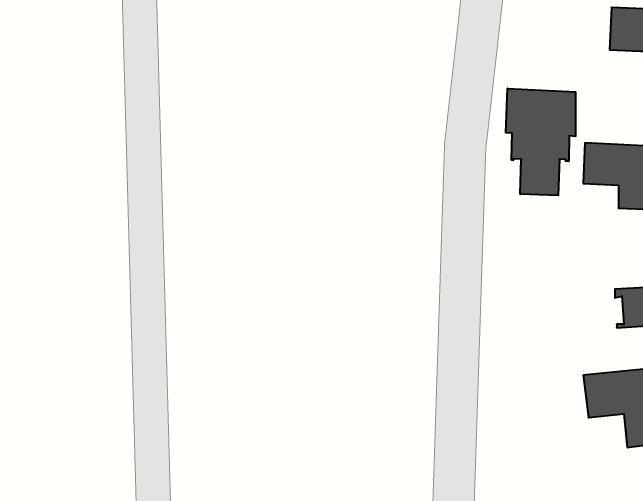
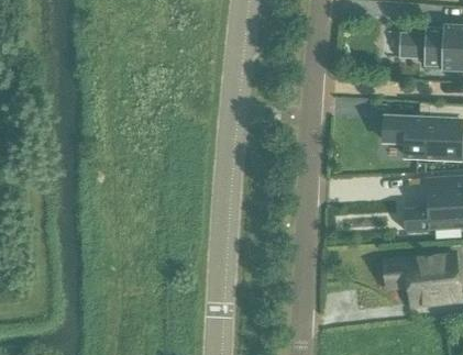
building: [506,88,576,195] -> none

